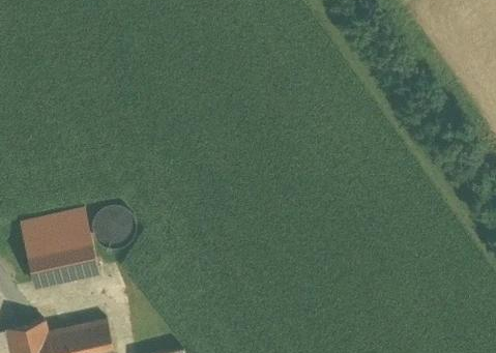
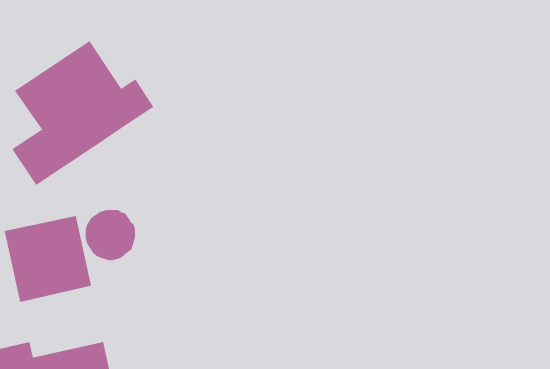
building: none -> [12,40,154,186]

